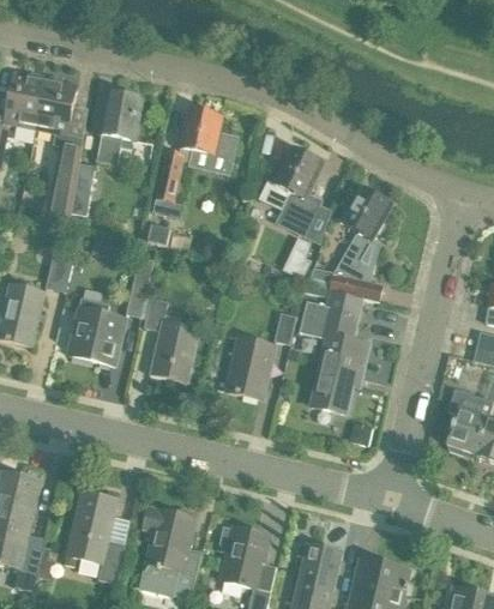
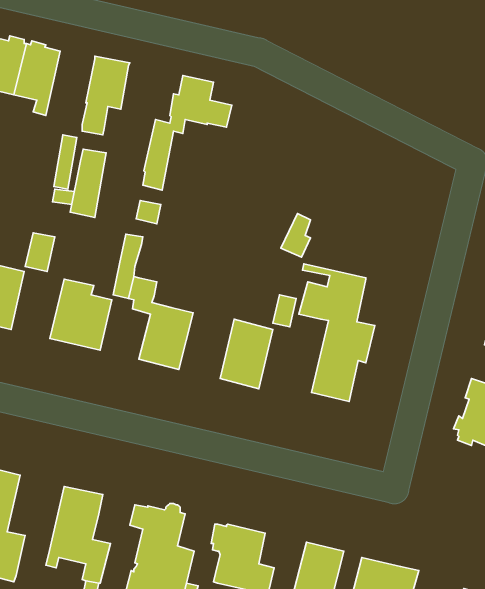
building: [258,147,330,242] -> none
building: [44,162,78,225] -> [70,149,106,217]
building: [303,187,390,300] -> none

